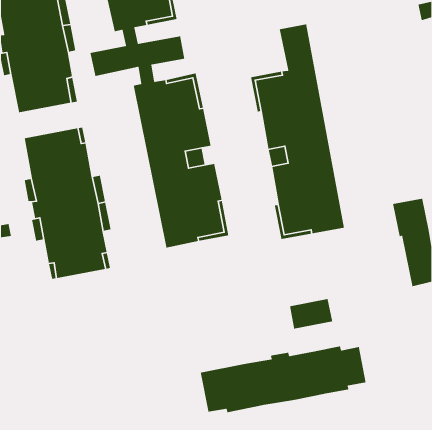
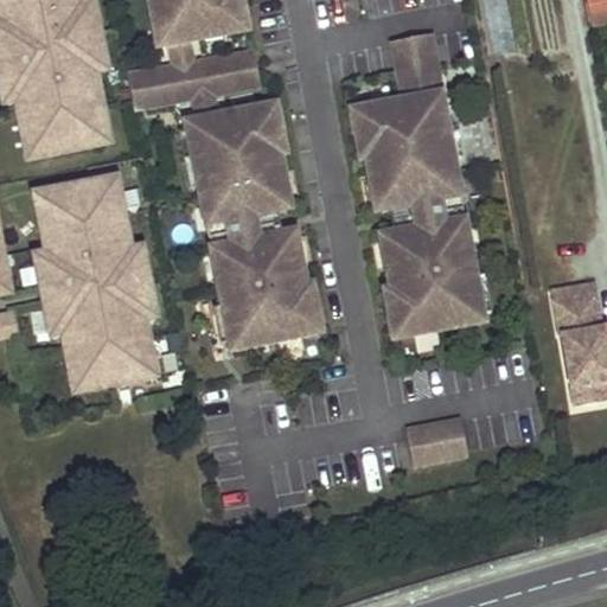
building: [200,346,367,413] -> none

